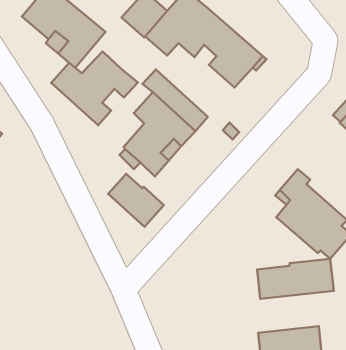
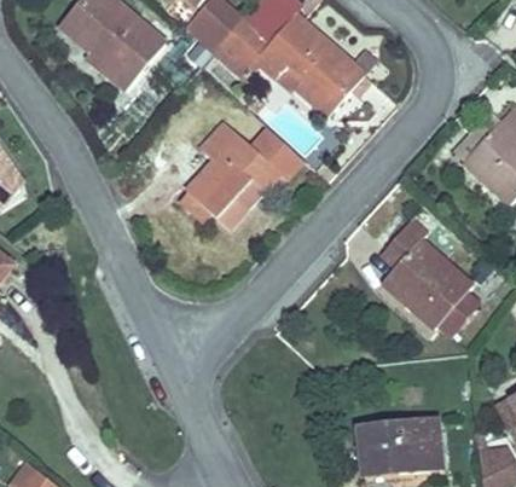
building: [51,51,138,125] -> none
building: [108,174,164,227] -> none
building: [257,259,334,299] -> none

